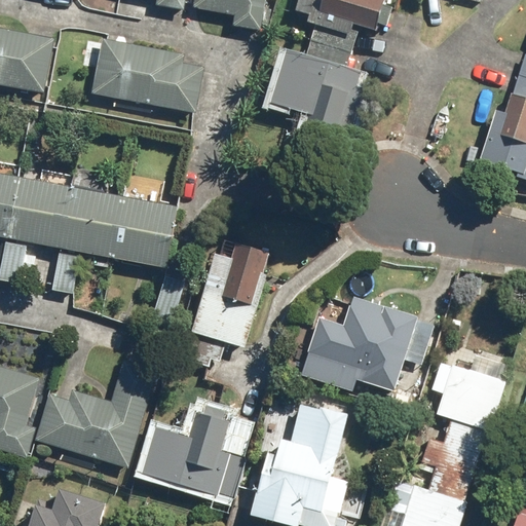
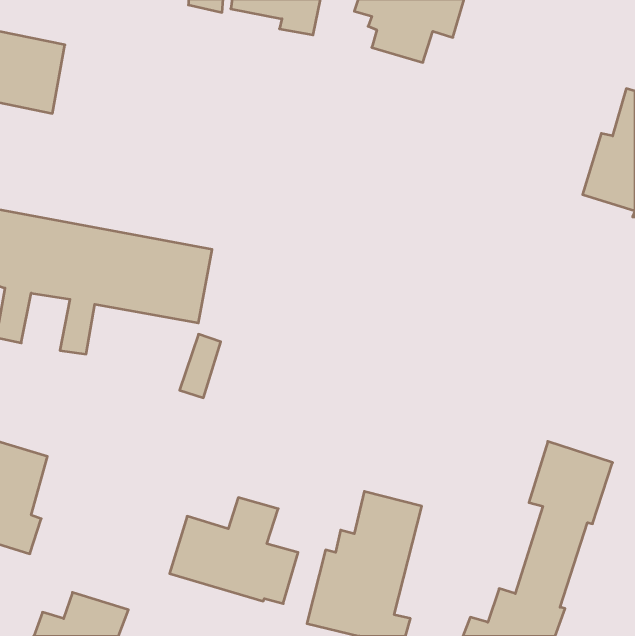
building: [89,38,201,111] -> none
building: [268,39,365,149] -> none
building: [176,241,266,365] -> none
building: [306,299,419,390] -> none
building: [34,359,155,467] -> none

